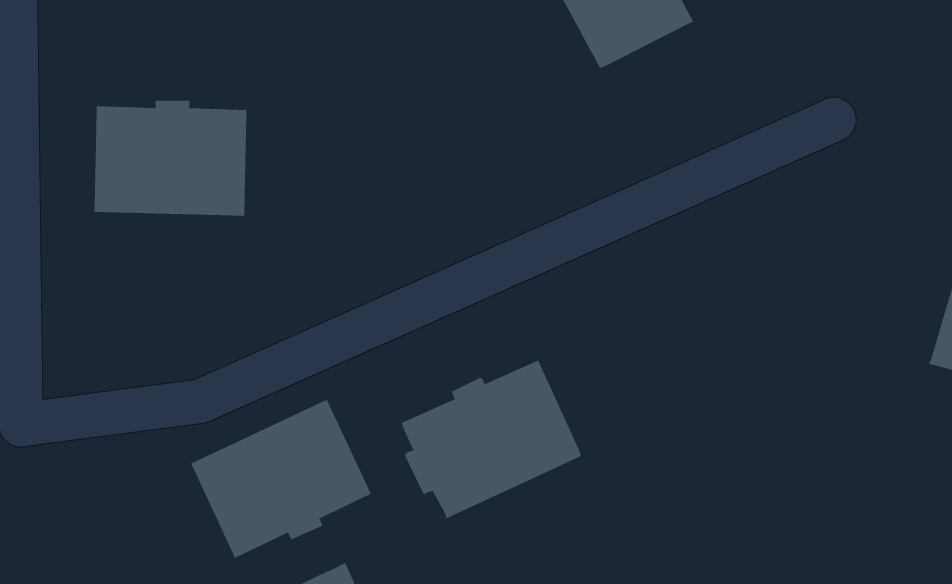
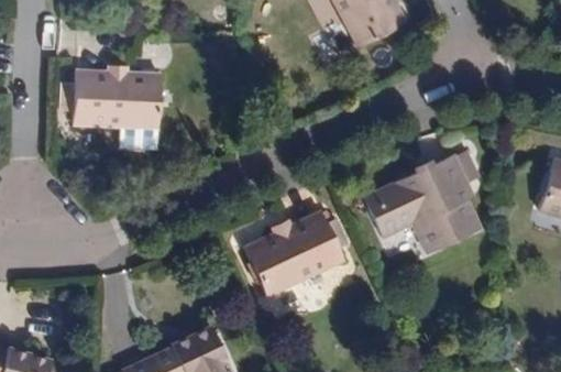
building: none -> [363,153,484,254]
building: [190,399,371,559] -> none

